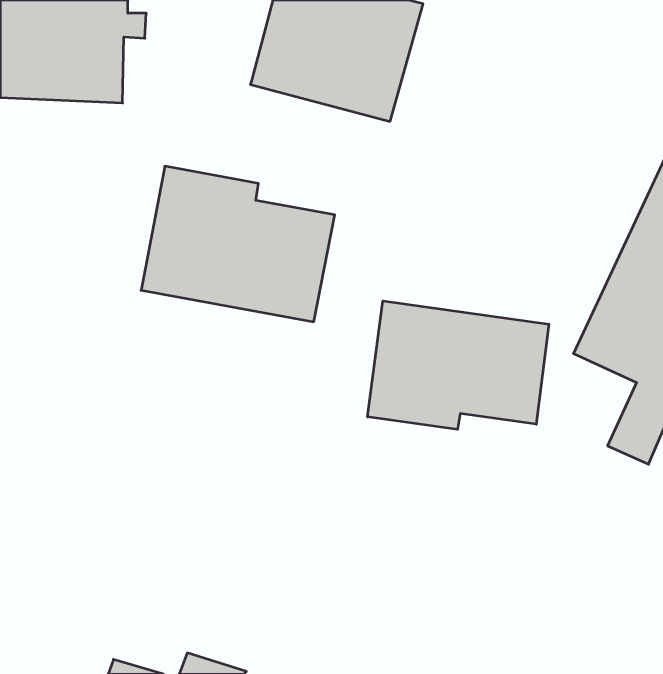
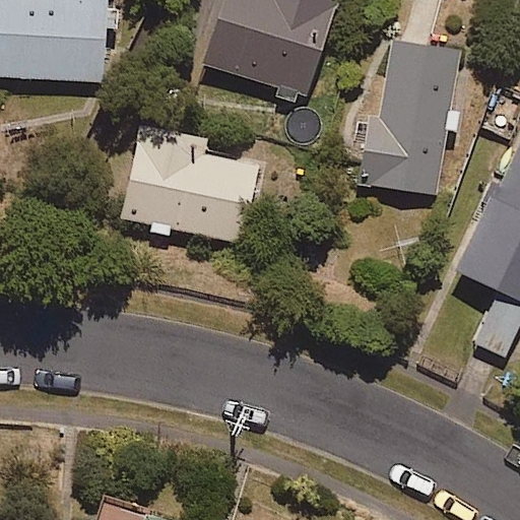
building: none -> [360,40,461,194]
building: [368,301,549,429] -> none

